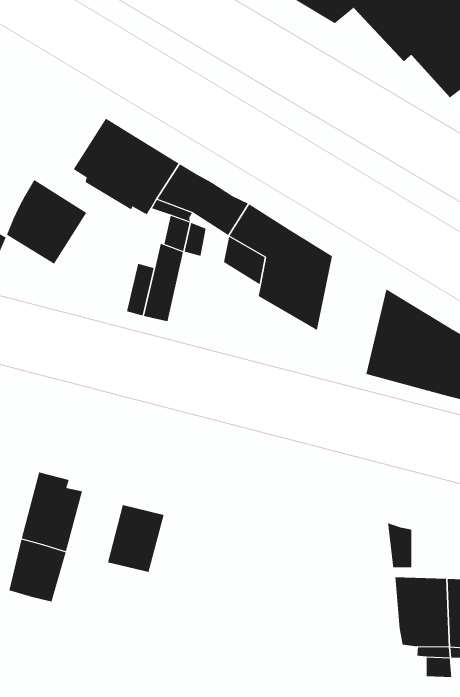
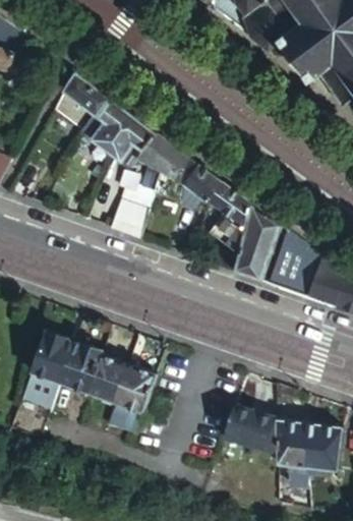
building: [6,179,87,264] -> [54,71,109,129]
building: none -> [233,201,281,280]
building: none -> [59,341,101,393]
building: none -> [105,364,154,433]
building: none -> [221,402,276,453]

